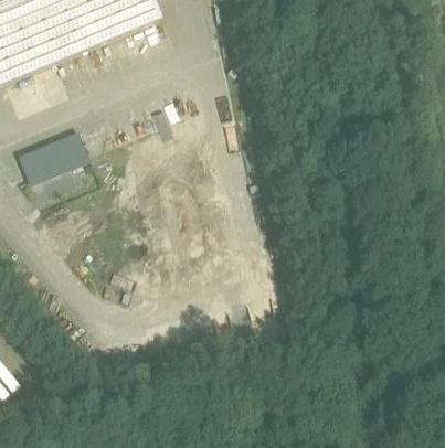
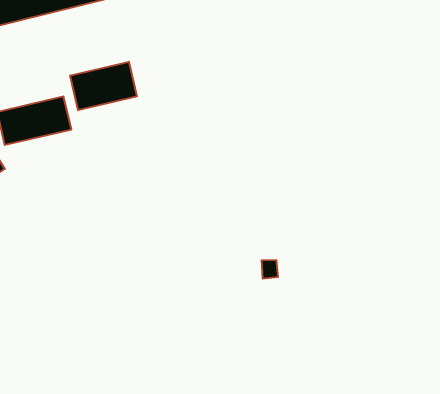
building: none -> [70,62,137,110]

